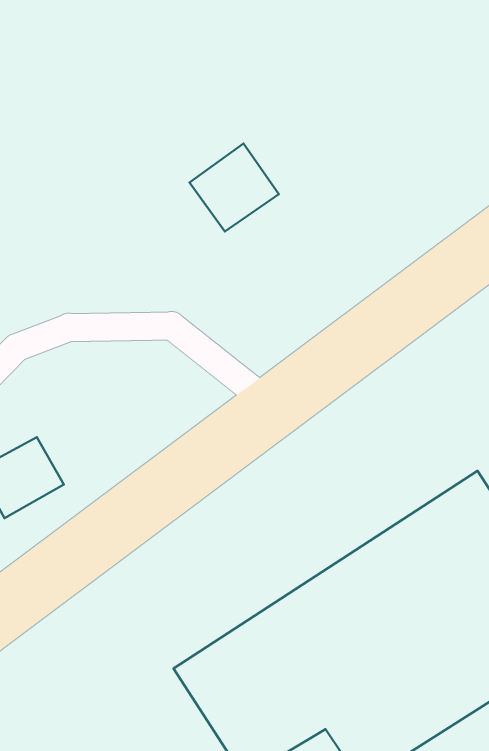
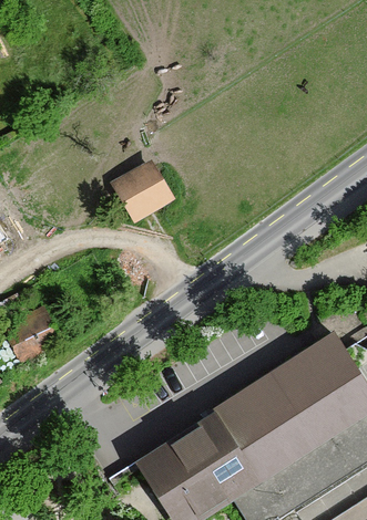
building: [189,144,279,231] -> [112,163,171,220]

